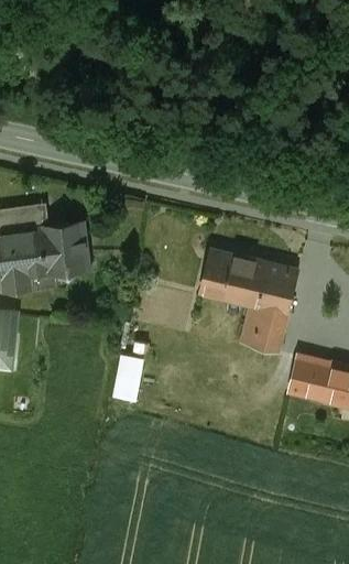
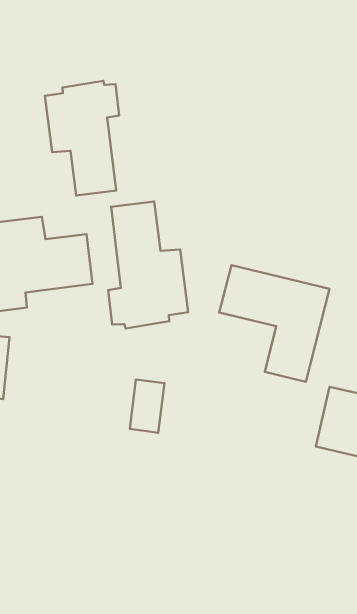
building: none -> [45,81,119,195]
building: none -> [108,201,188,328]

